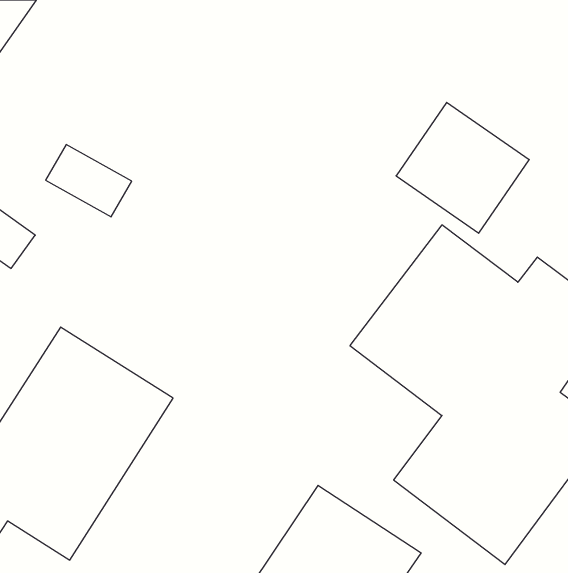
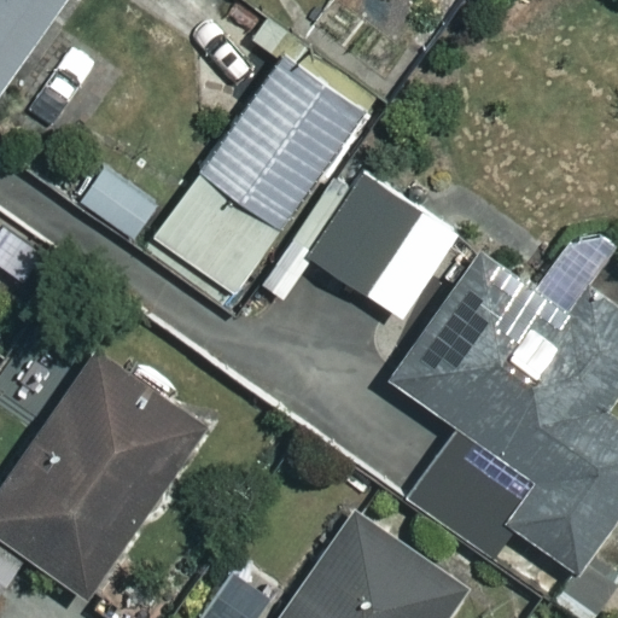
building: none -> [168,75,351,295]
building: [396,102,529,233] -> [314,176,454,314]

